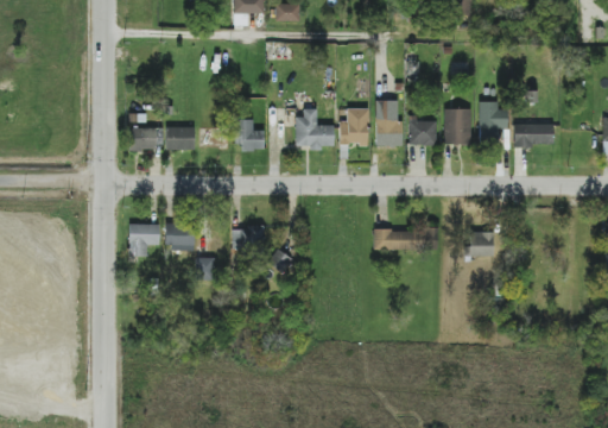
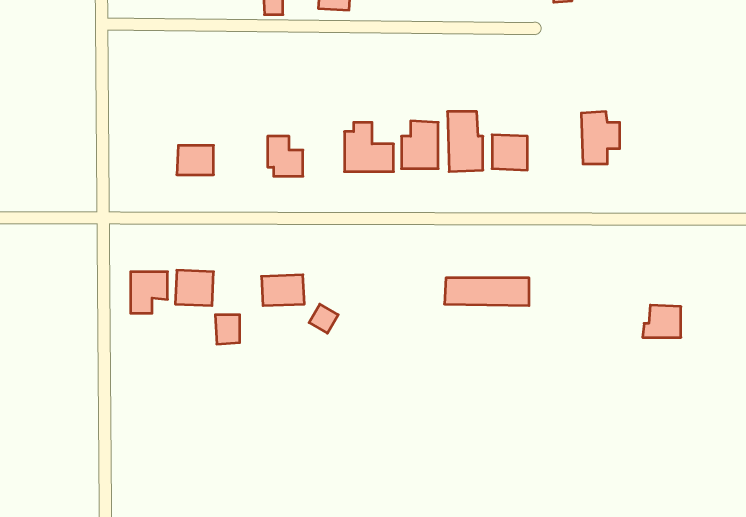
building: [444,109,471,145] -> none
building: [514,124,555,146] -> none
building: [129,127,157,151] -> none
building: [464,232,494,257] -> [643,305,681,337]

